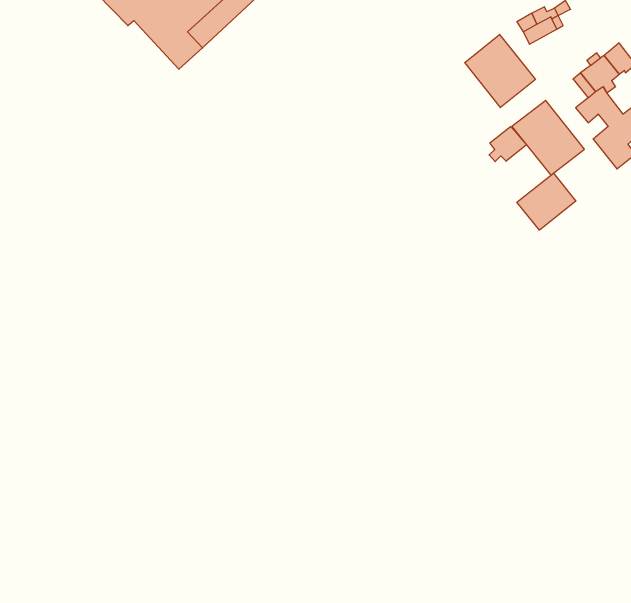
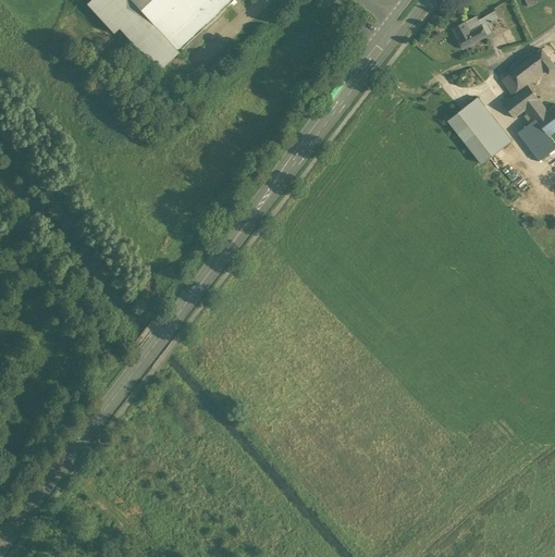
building: [465,34,535,108] -> none
building: [489,127,527,162] -> none
building: [517,173,576,230] -> none

